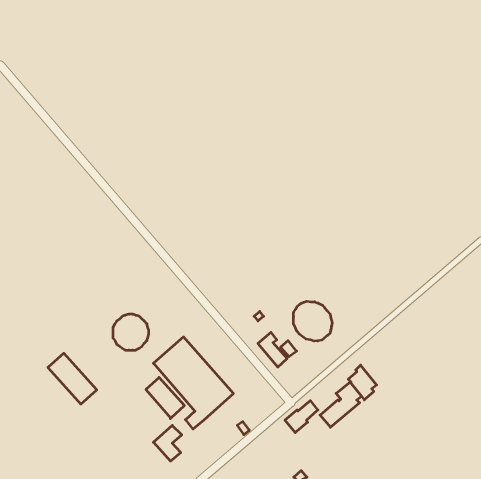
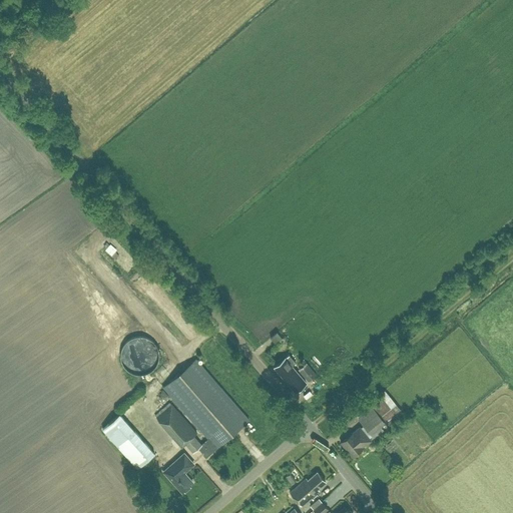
building: [293,301,332,341] -> none
building: [48,353,97,404] -> [102,416,154,470]
building: [285,401,318,433] -> [290,473,325,507]

